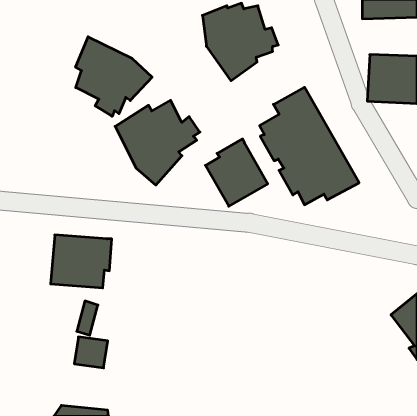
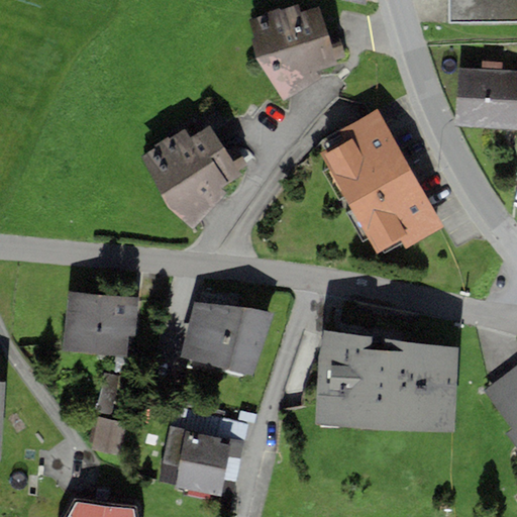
building: [76,37,152,116] -> none
building: [205,139,268,206] -> none
building: none -> [180,302,274,377]
building: none -> [314,329,458,433]
building: none -> [162,425,244,499]

